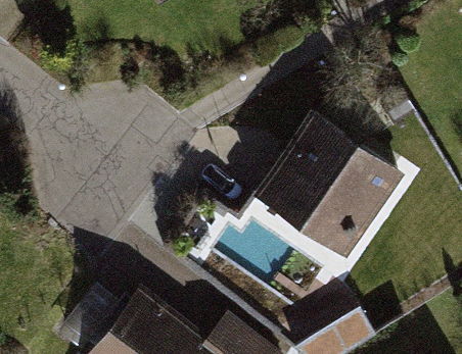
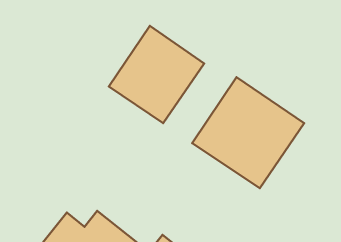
building: none -> [109,26,204,123]

